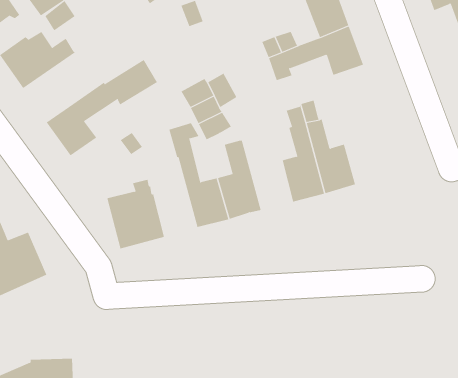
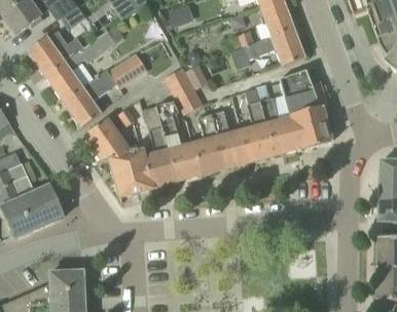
building: none -> [44,31,114,101]
building: none -> [280,67,331,149]
building: none -> [143,106,177,187]
building: none -> [212,111,250,167]
building: none -> [83,117,130,160]

